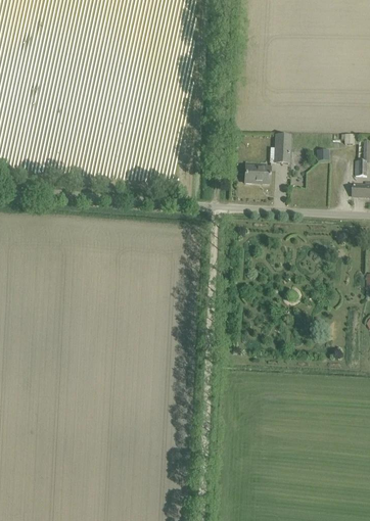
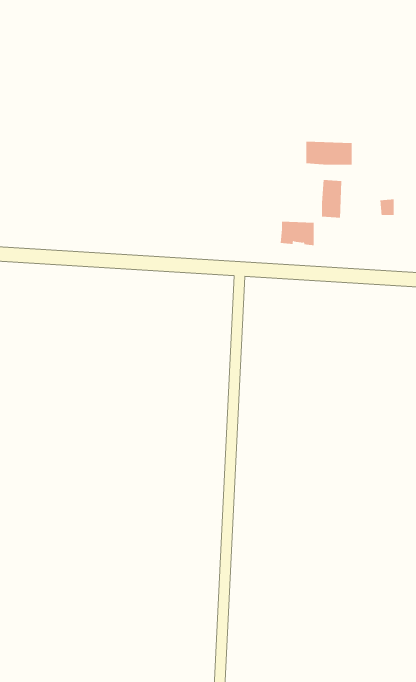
building: none -> [306,141,352,166]

